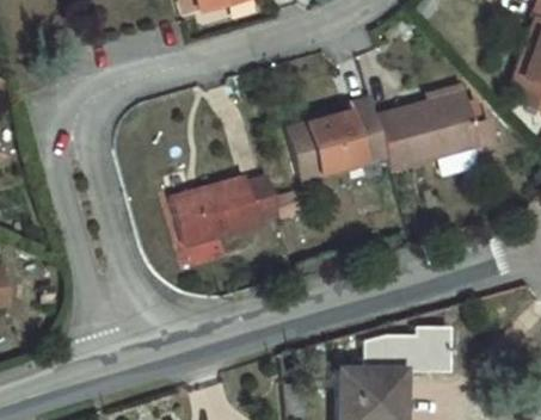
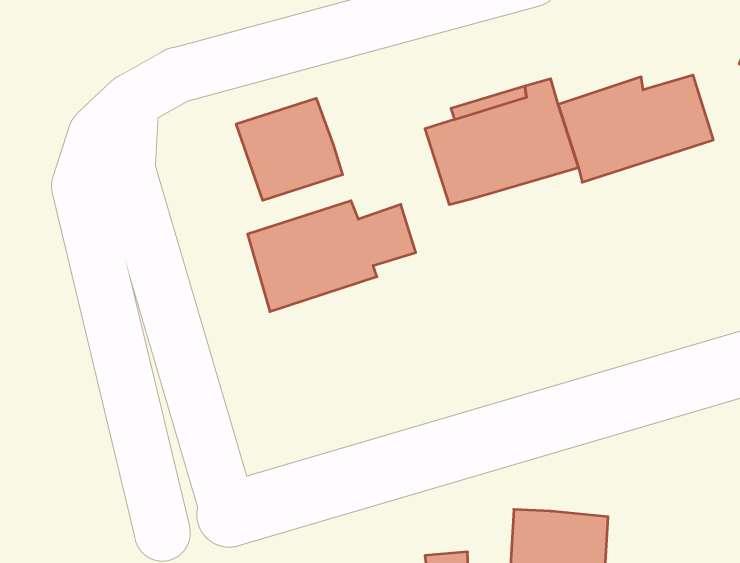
building: none -> [236,98,343,200]
building: [376,333,463,379] -> none

